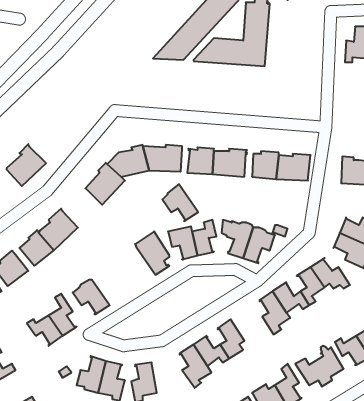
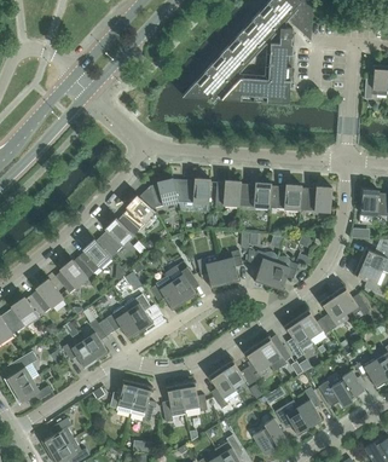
building: [7,144,46,186] -> [97,216,134,256]
building: [162,184,198,221] -> [151,275,185,310]
building: none -> [124,294,154,330]
building: none -> [256,335,291,371]
building: none -> [181,381,208,414]

